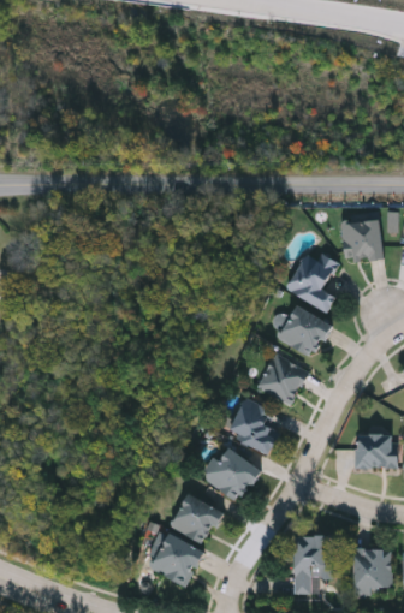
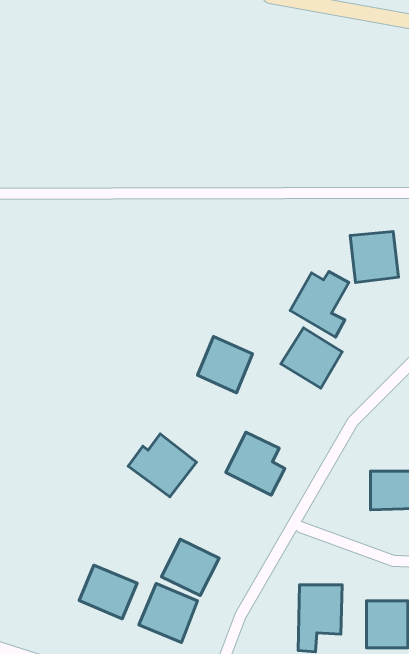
building: [257,353,307,404] -> [198,336,252,393]
building: [200,446,261,502] -> [128,434,196,497]
building: none -> [79,565,137,619]

